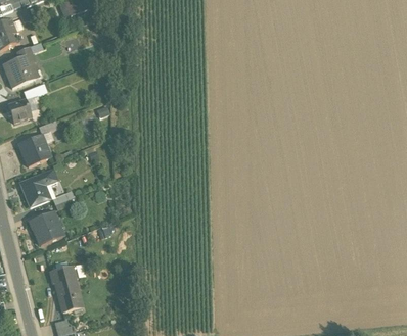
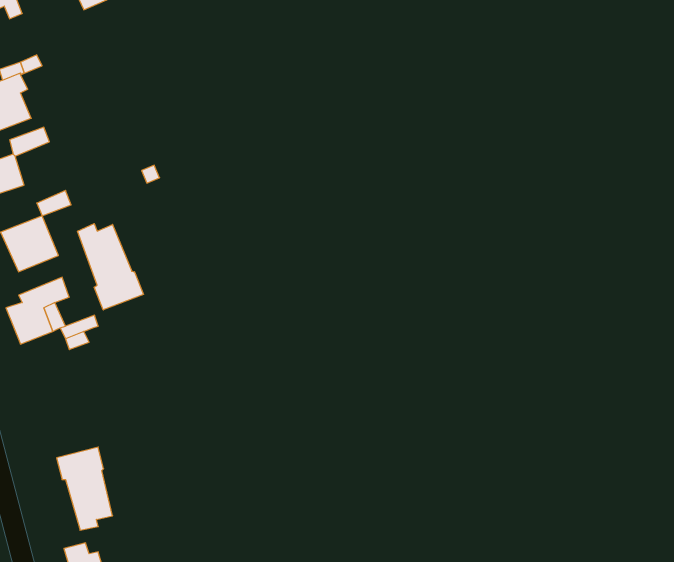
building: none -> [78,224,143,310]
building: [28,210,63,245] -> none

